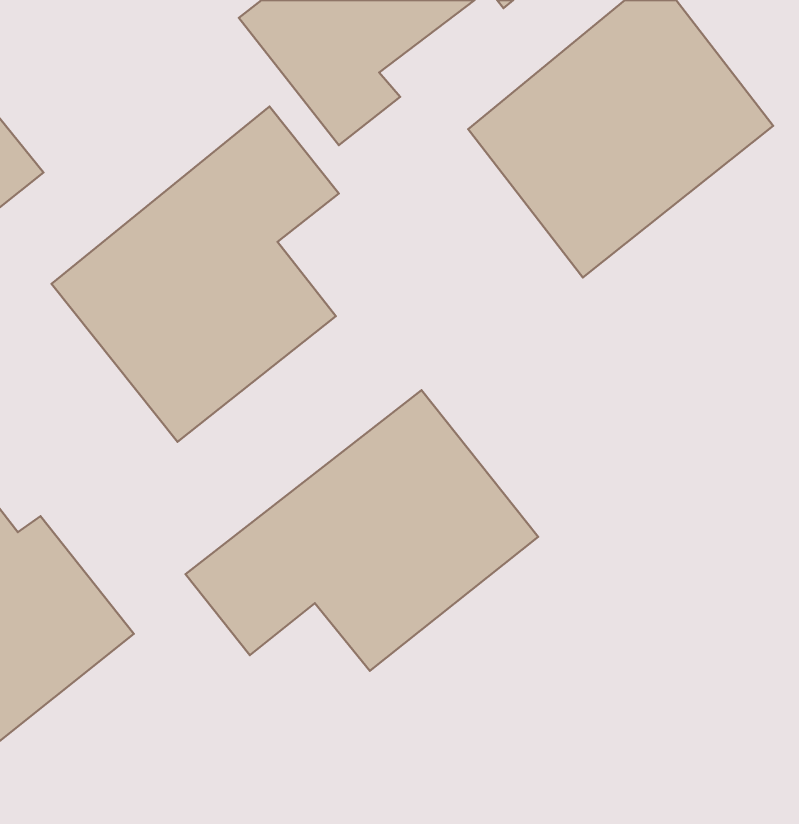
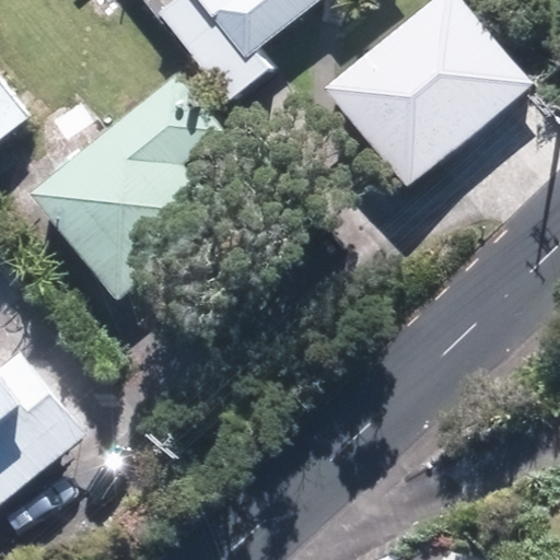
building: [185,390,538,671] -> none

